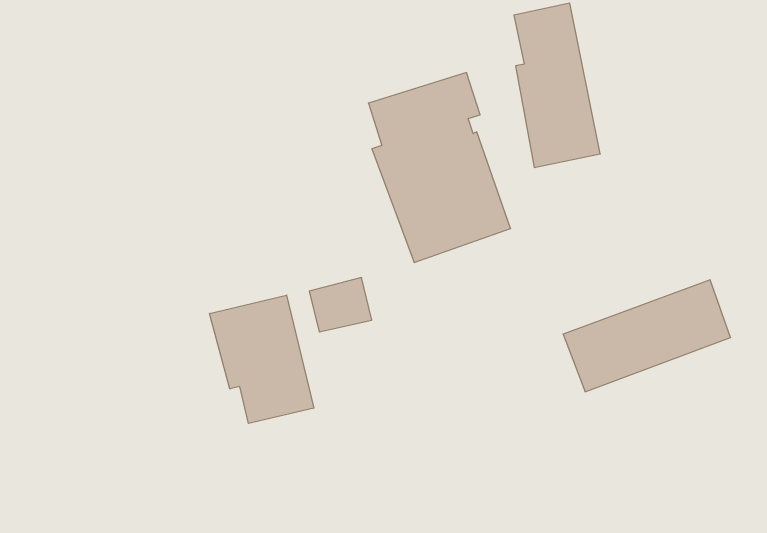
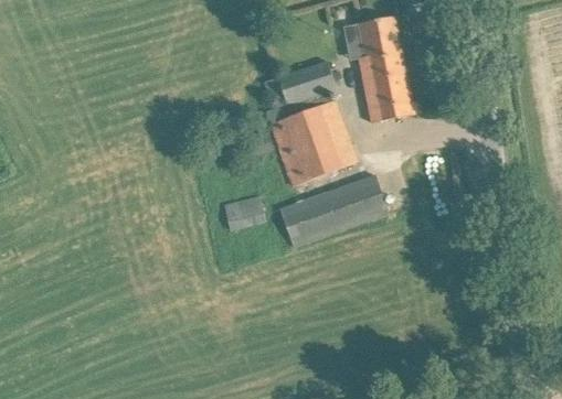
building: [563,280,731,392] -> [279,175,389,248]
building: [210,295,314,423] -> none

